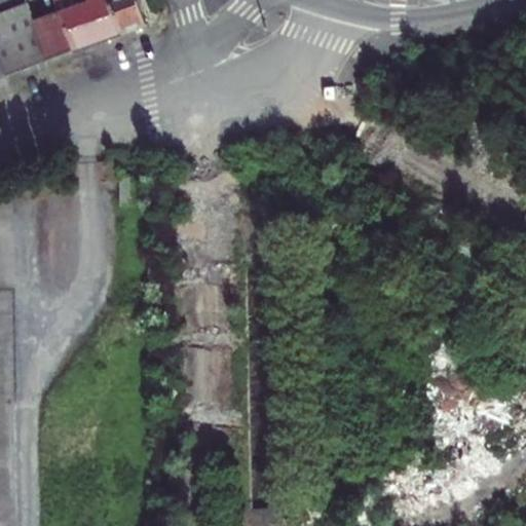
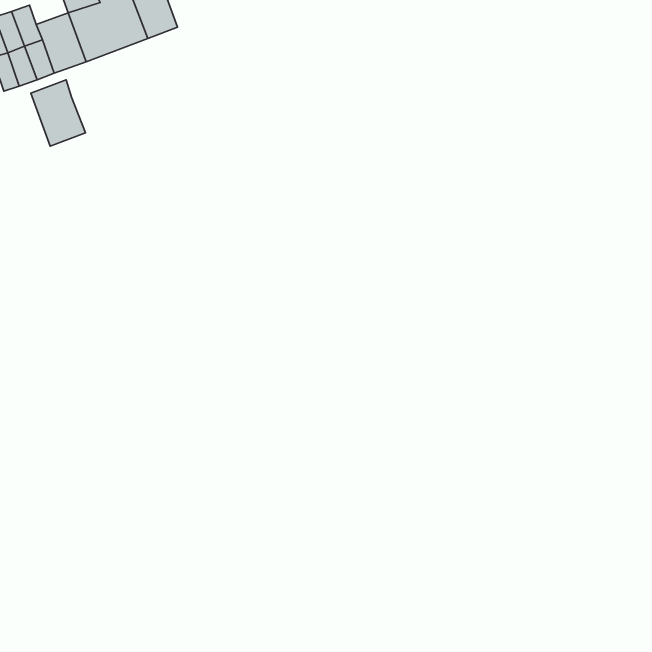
building: none -> [31,80,86,146]

